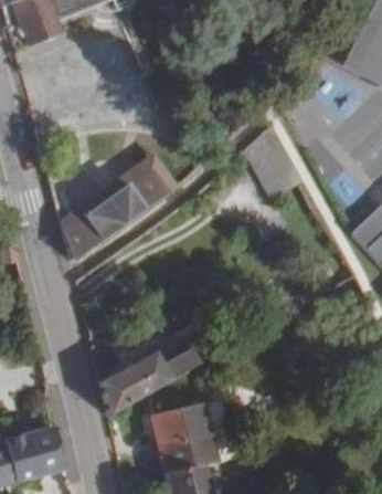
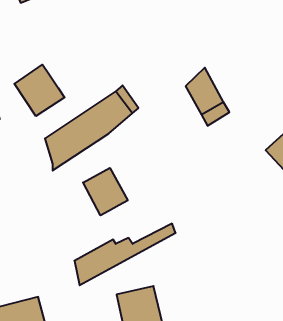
building: none -> [14,65,65,116]
building: none -> [83,168,128,215]

